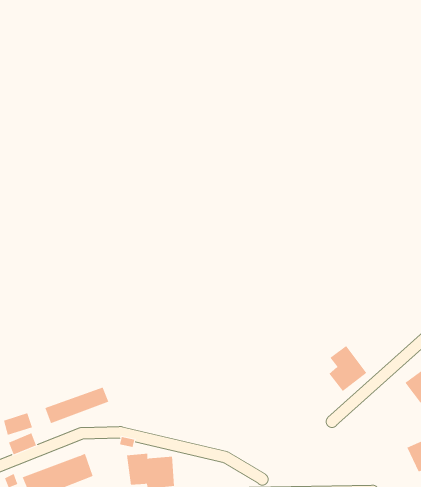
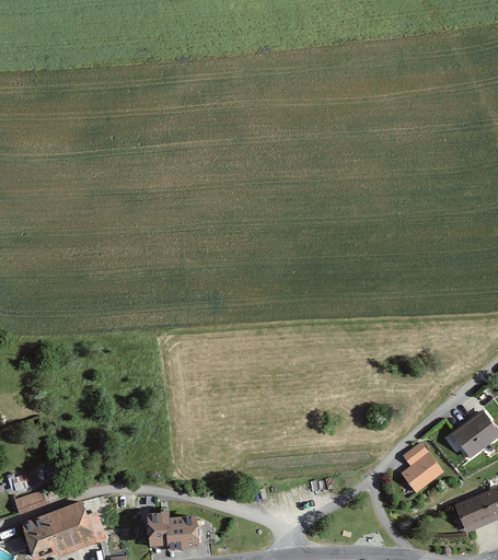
building: [329,345,367,392] -> [401,442,443,493]
building: [45,387,109,424] -> [23,498,94,538]

